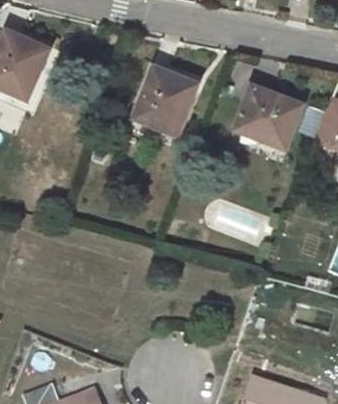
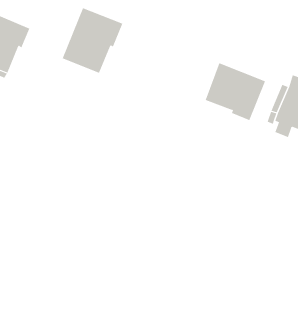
building: [133,63,199,134] -> [62,7,123,73]

